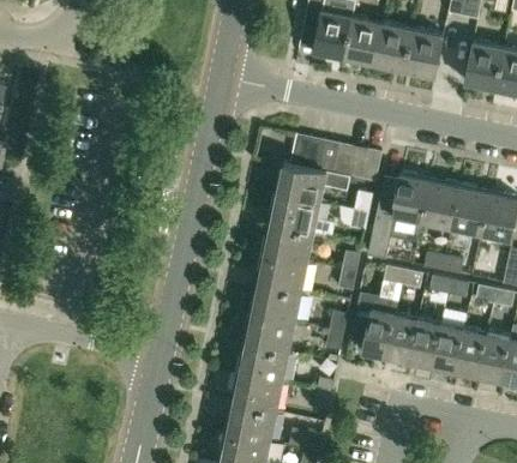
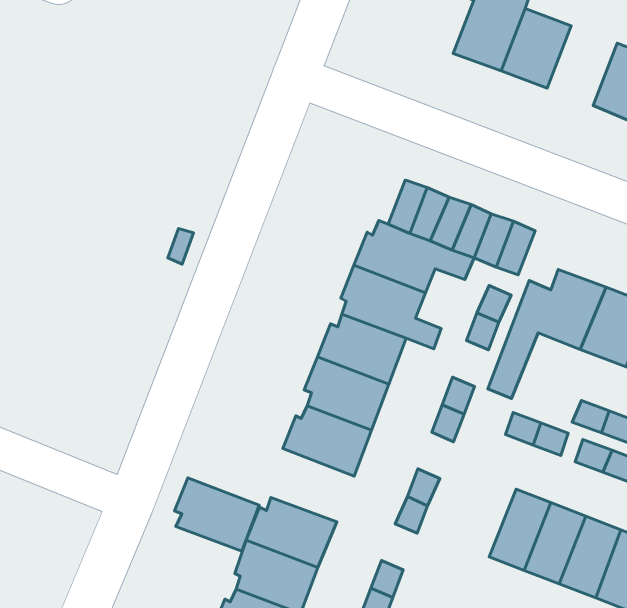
building: [374,23,413,70] -> none
building: [348,293,398,357] -> none
building: [244,312,295,351] -> [174,478,259,551]

